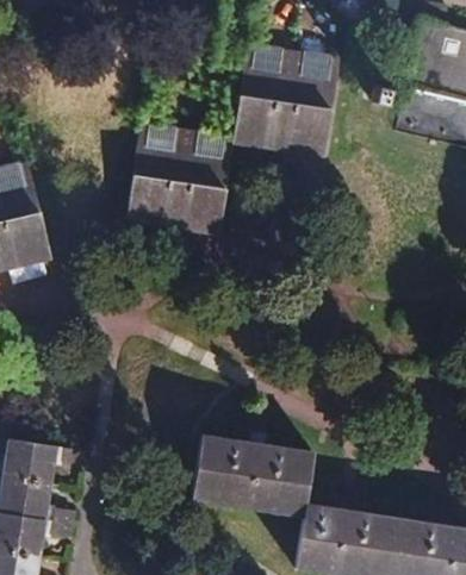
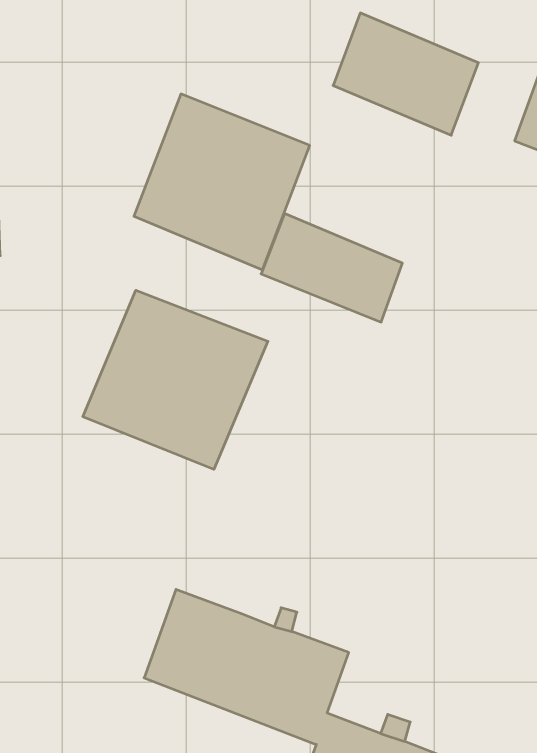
building: [237,100,328,160] -> [261,213,402,322]
building: none -> [83,290,268,469]

